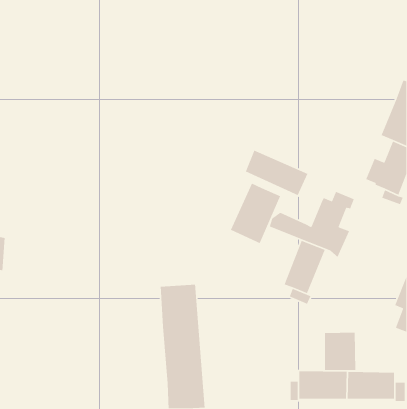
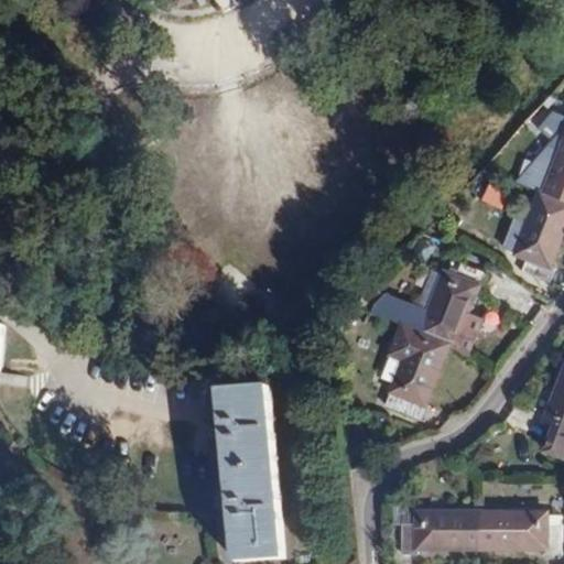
building: [245,149,309,196] -> none
building: [230,182,281,244] -> none
building: [324,332,356,371] -> none

